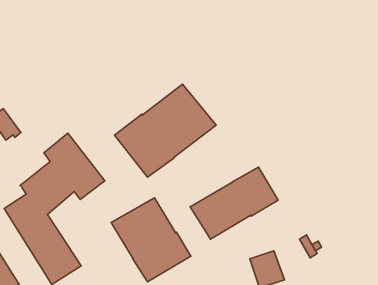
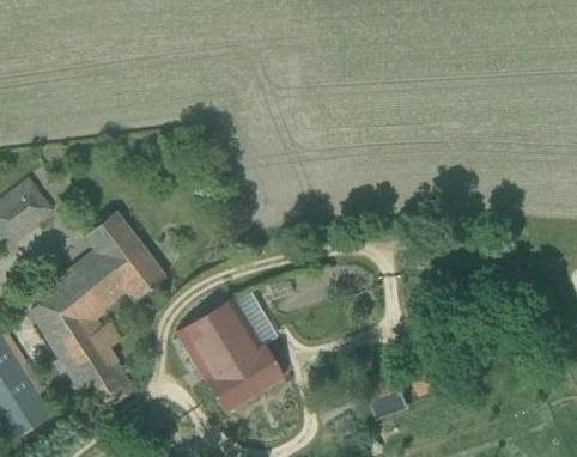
building: [115,84,216,177] -> none
building: [190,167,278,239] -> none

